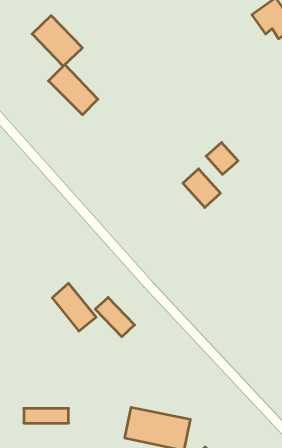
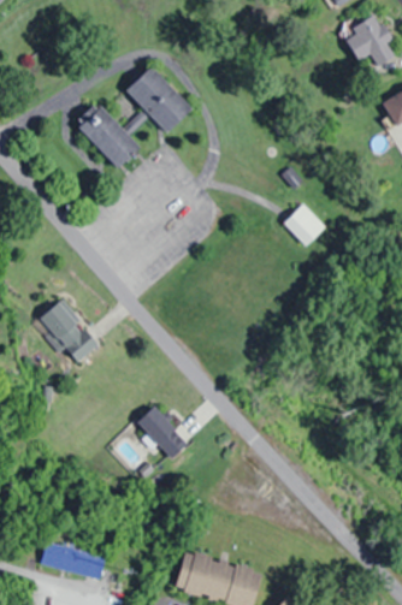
building: [32,16,82,66] -> [126,67,193,134]
building: [183,169,220,208] -> none
building: [52,283,96,331] -> [41,298,99,361]

